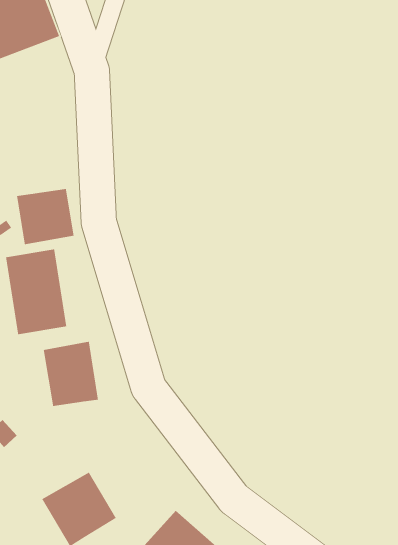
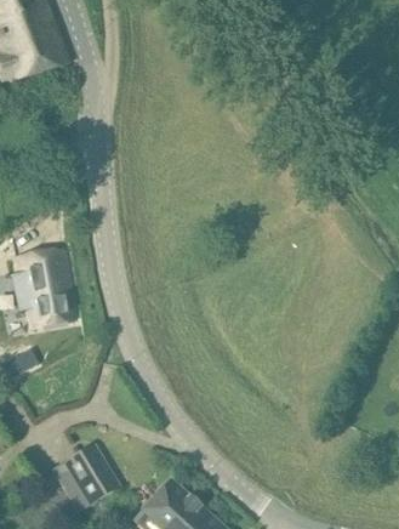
building: [16,188,75,245] -> none
building: [43,341,99,407] -> none

